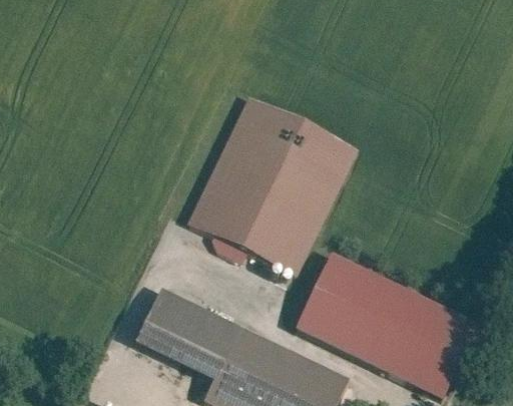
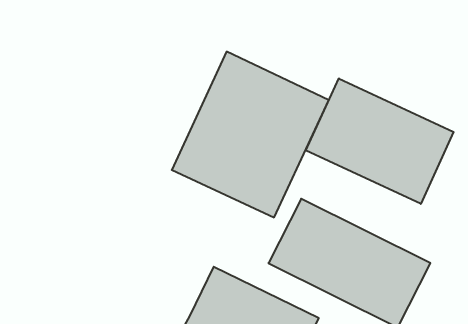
building: none -> [306,78,454,204]
building: [132,290,236,382] -> none

